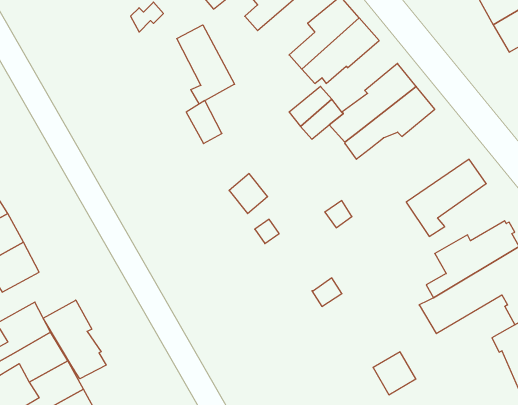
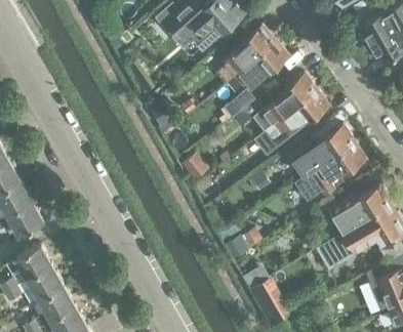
building: [177,25,235,104] -> none
building: none -> [279,125,353,188]
building: [43,300,106,379] -> none
building: [373,352,416,395] -> [249,279,280,309]

